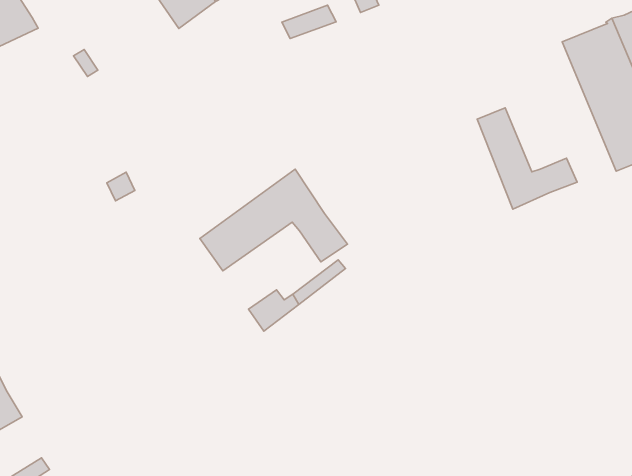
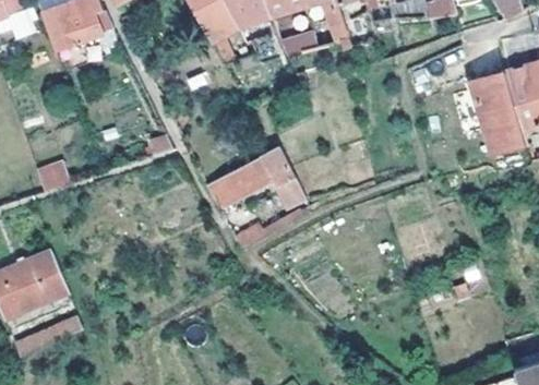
building: [477,108,577,209] -> none

